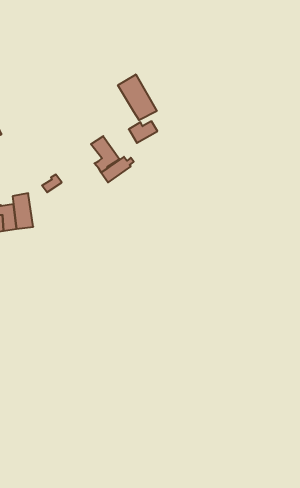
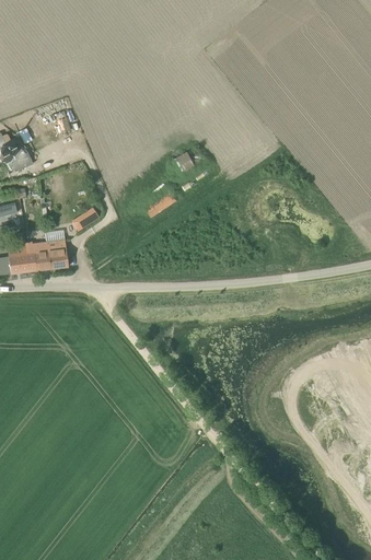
building: [118,74,157,120] -> none
building: [91,136,119,172] -> none

